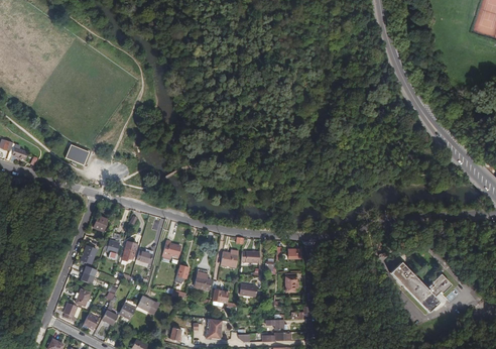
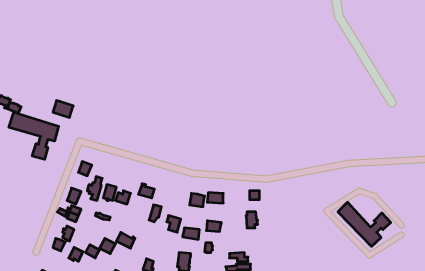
building: none -> [9,112,59,159]

